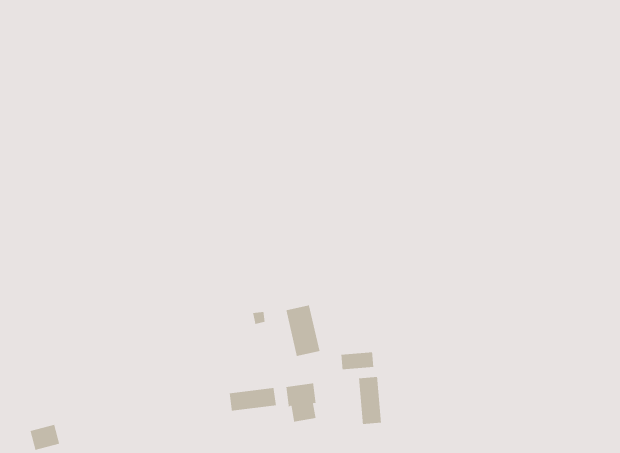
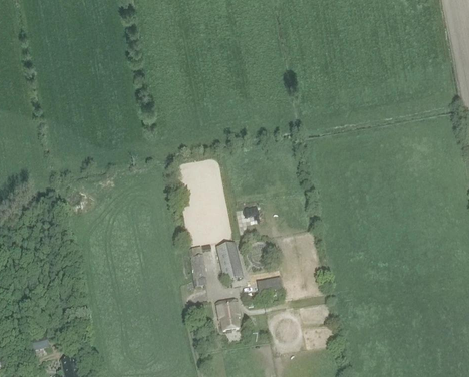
building: [358,376,382,425] -> none
building: [229,387,277,411] -> none

